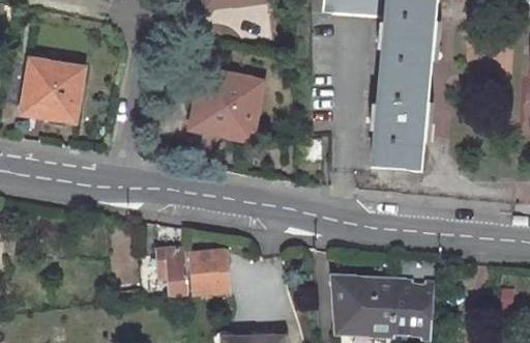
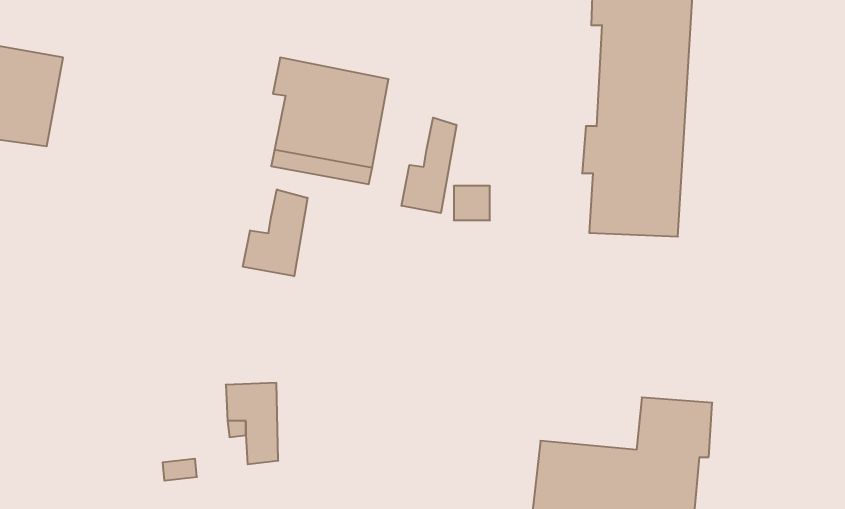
building: none -> [402,118,456,213]
building: none -> [243,189,308,276]
building: [202,258,237,298] -> none

